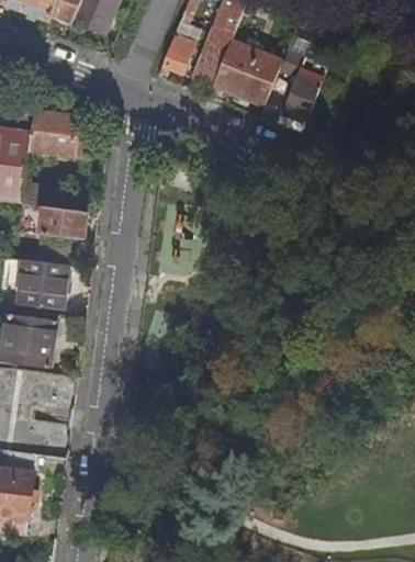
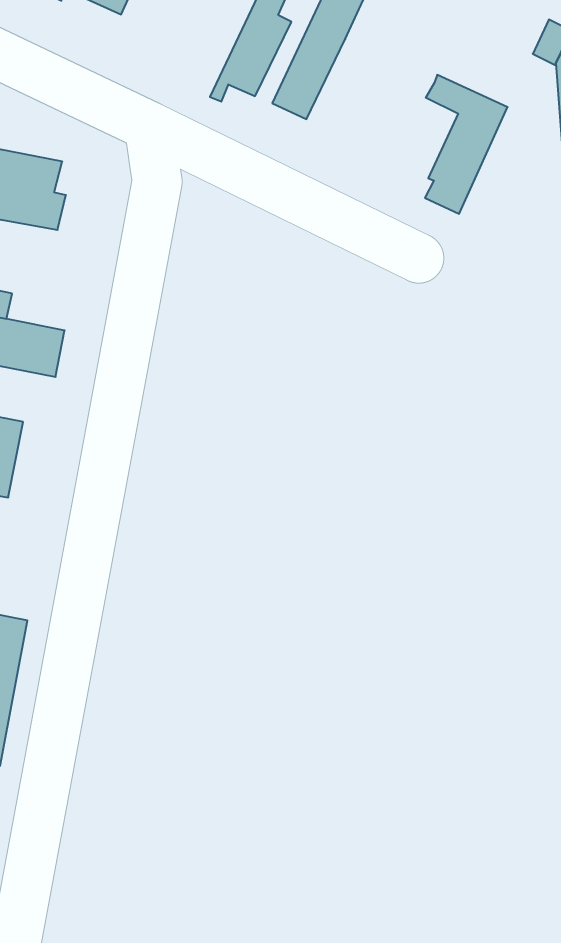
building: [212,38,282,105] -> none

